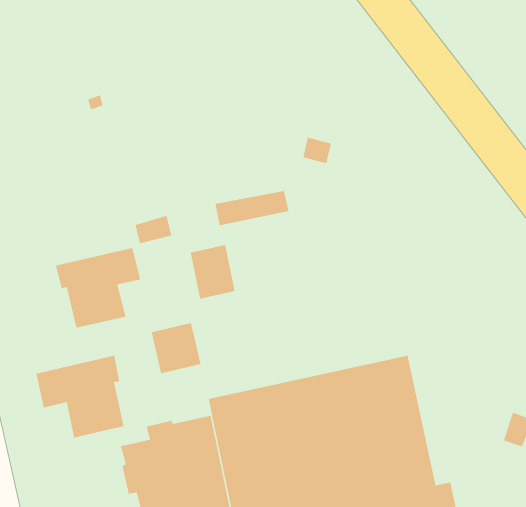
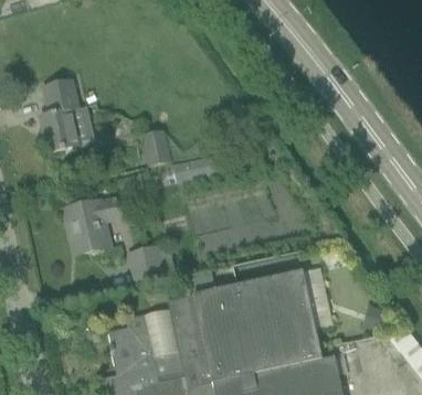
building: none -> [41,78,80,152]
building: [190,244,235,299] -> [144,131,175,169]
building: [36,355,125,438] -> none

